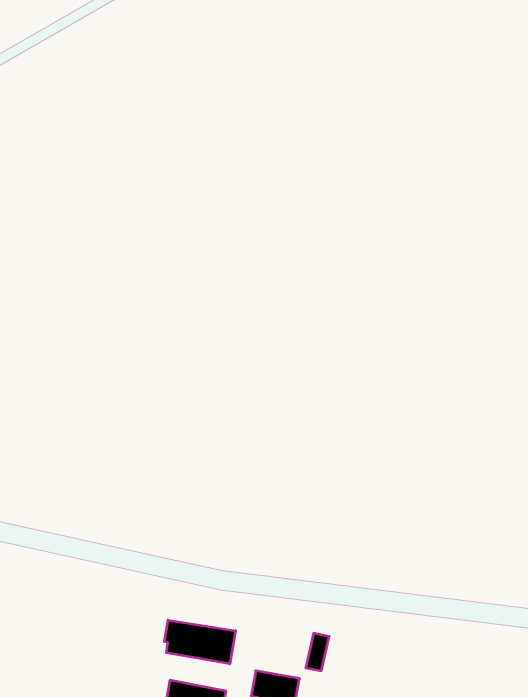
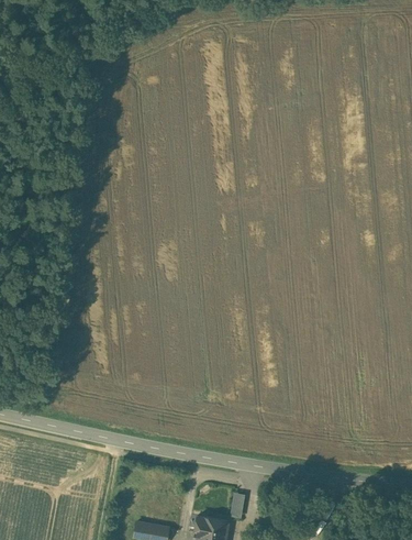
building: [164,620,236,664] -> none

